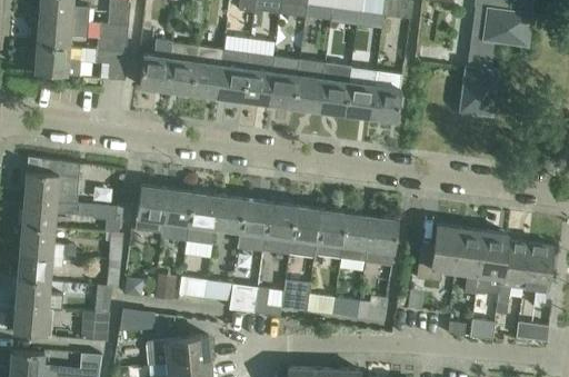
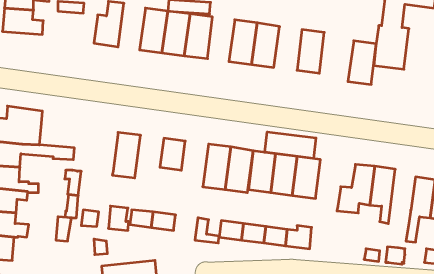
building: [166,43,197,95] -> none
building: [96,50,127,81] -> none
building: [268,57,299,108] -> none
building: [343,68,376,118] -> [348,41,376,84]
building: [134,186,166,234] -> none
building: none -> [265,132,316,158]
building: [184,192,218,245] -> none
building: [237,199,269,251] -> none
building: [475,231,507,295] -> none
building: [229,284,257,312] -> none
building: [80,311,108,341] -> none

